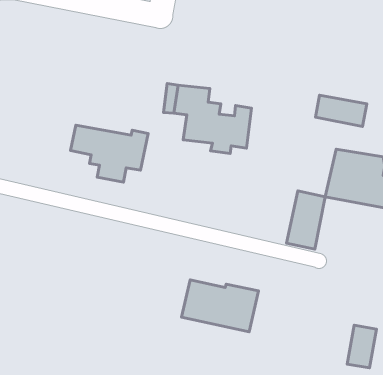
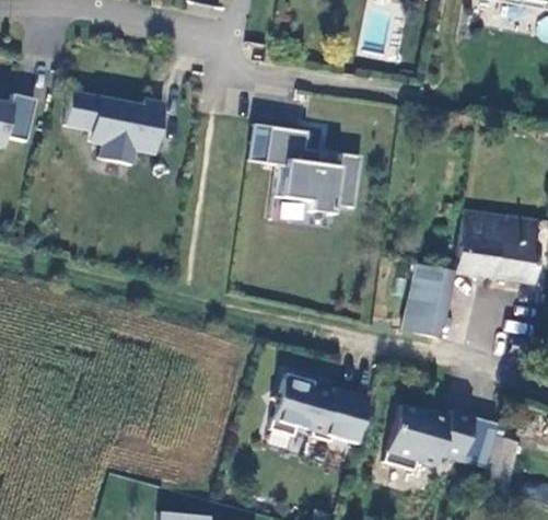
building: [316,95,367,126] -> none
building: [71,125,148,182] -> [65,94,164,167]
building: none -> [383,397,473,463]

